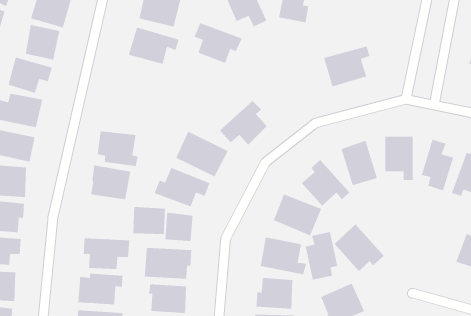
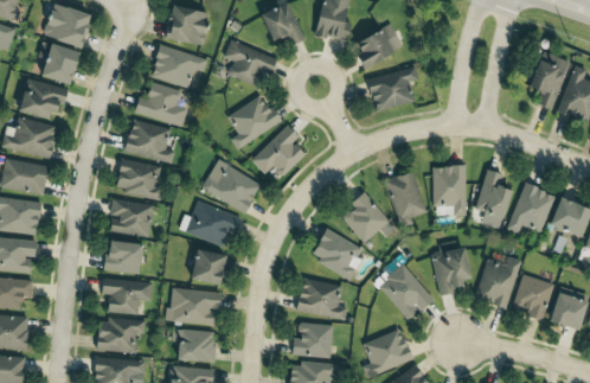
building: none -> [353,24,403,68]
building: none -> [134,82,188,127]
building: none -> [226,94,281,151]
building: none -> [123,119,175,165]
building: [132,206,166,235] -> [104,241,141,273]
building: none -> [475,256,521,308]
building: [305,231,338,281] -> [431,240,468,294]

